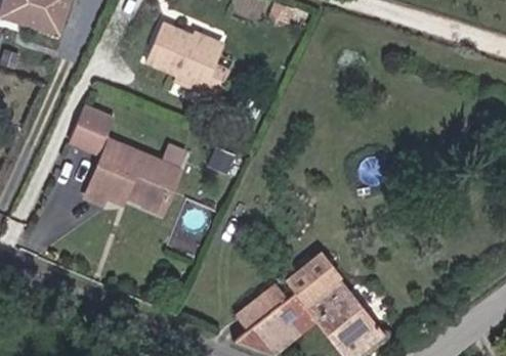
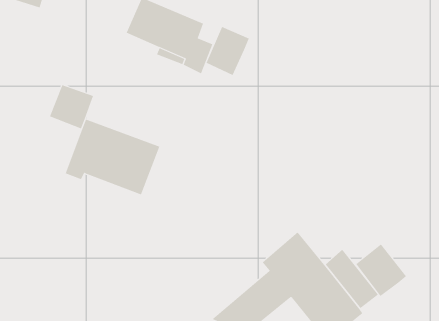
building: none -> [206,26,250,76]
building: none -> [355,244,407,297]

